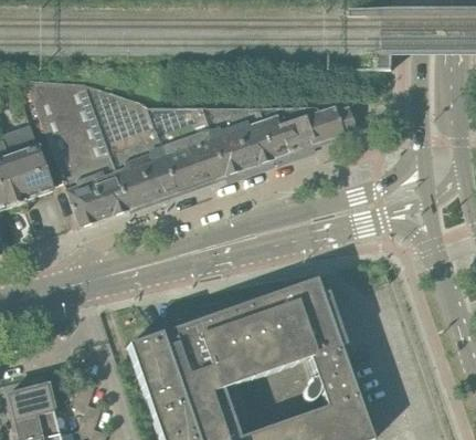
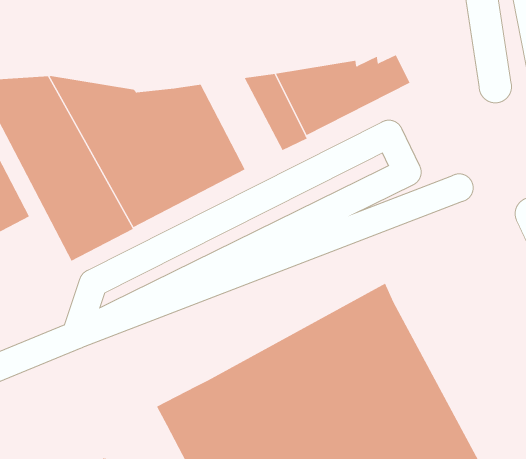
building: [199,107,253,178] -> none

